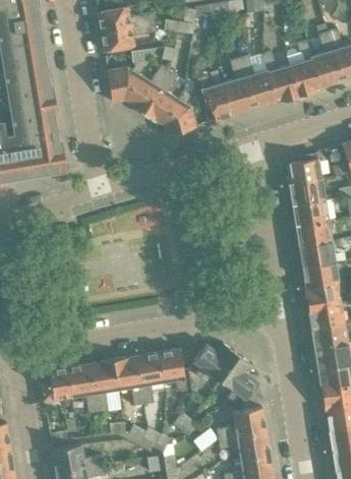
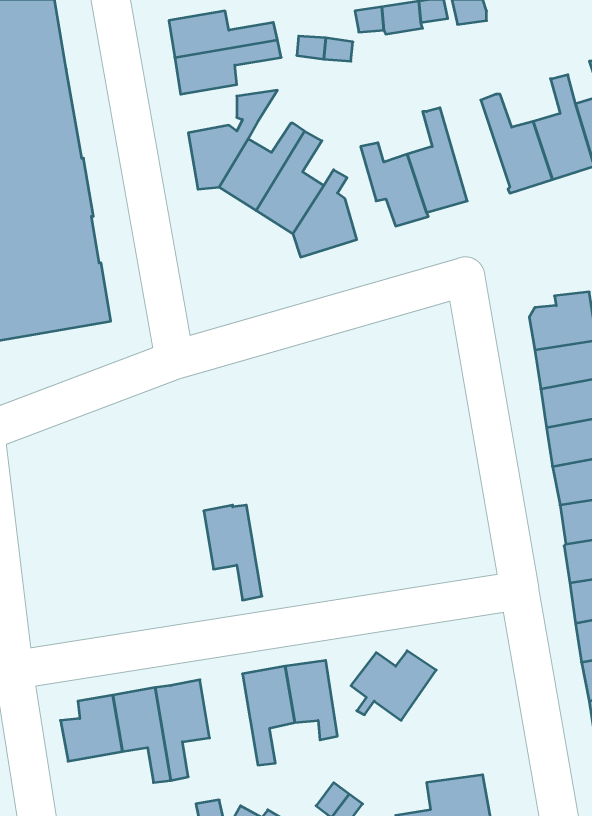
building: [239,55,276,108] -> none
building: [219,354,257,401] -> none
building: [113,356,143,406] -> [204,505,262,600]

